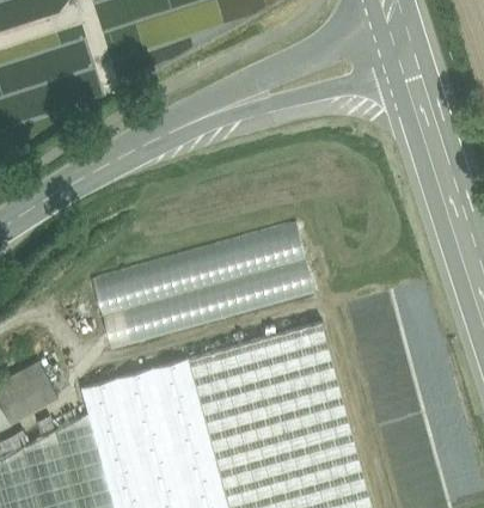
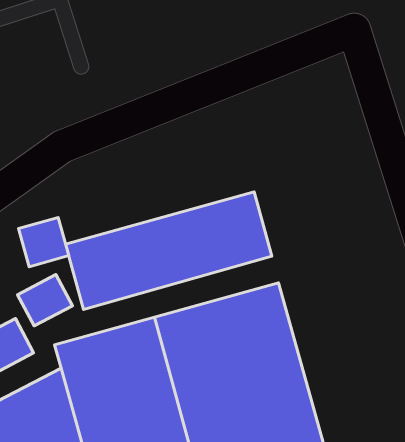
building: none -> [19,217,69,267]
building: none -> [17,275,72,326]

